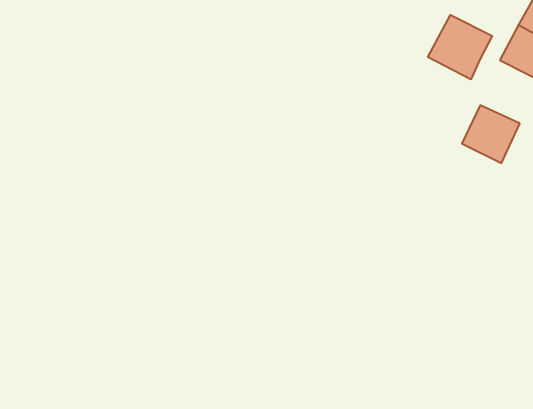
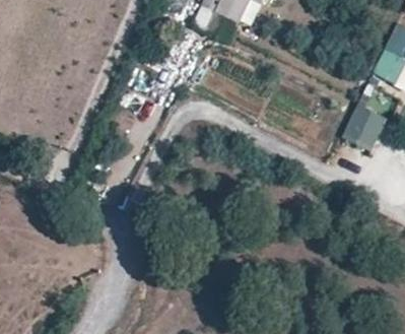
building: [428,15,492,79] -> none

